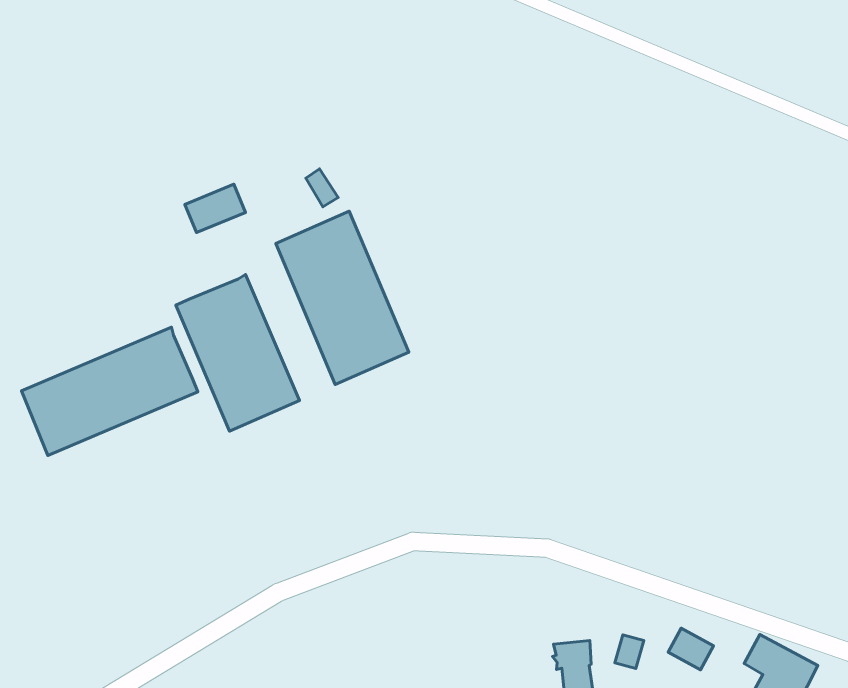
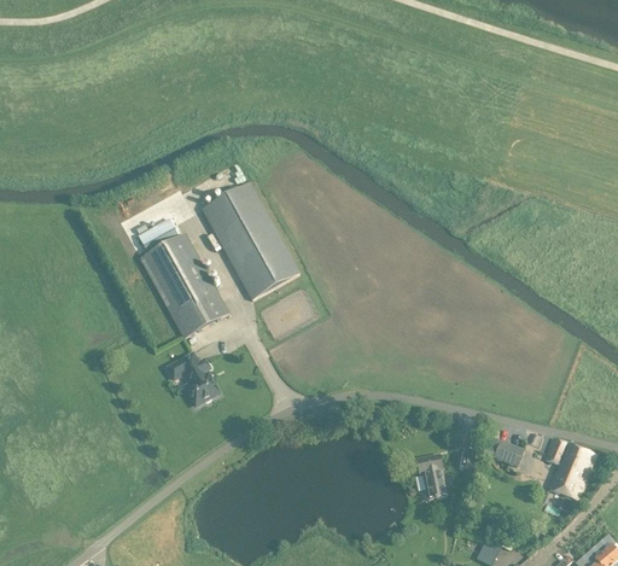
building: [185,184,245,233] -> [138,217,179,252]
building: [22,327,198,456] -> none
building: none -> [168,352,218,404]

